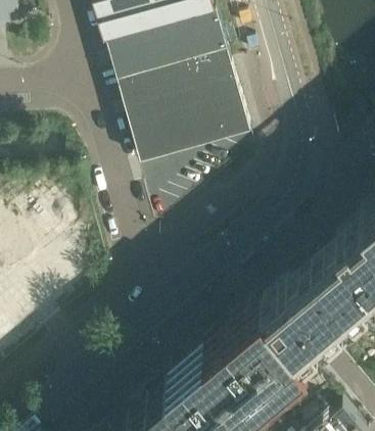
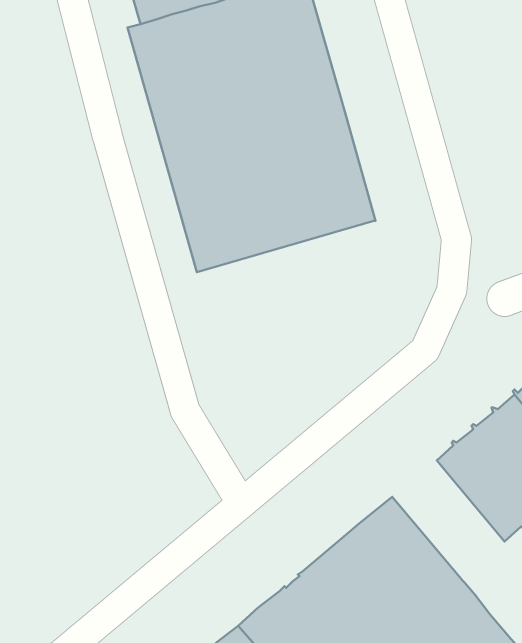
building: [262,284,333,361] -> none

